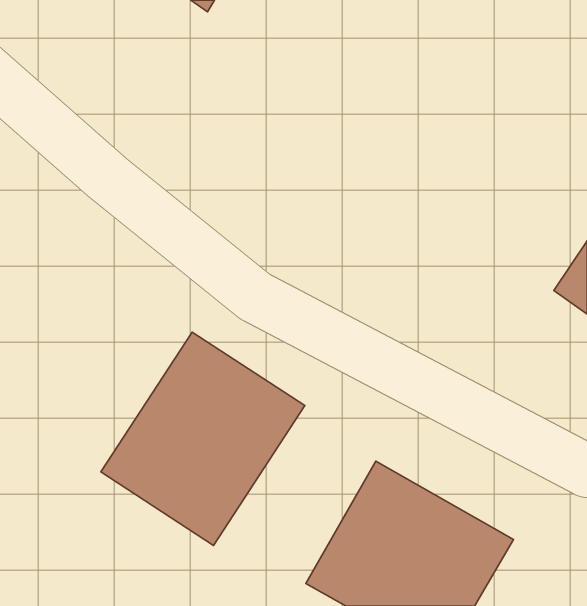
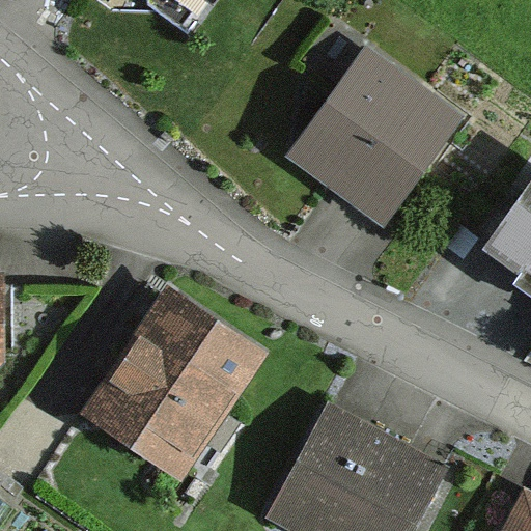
building: none -> [290,51,457,218]

